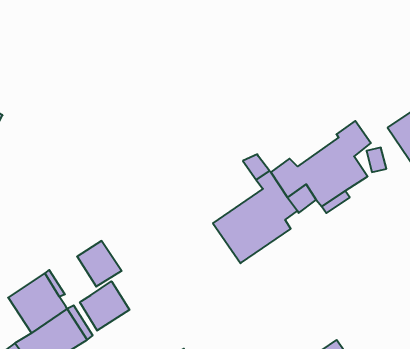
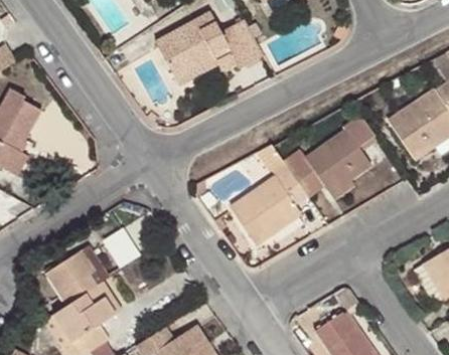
building: none -> [157,11,265,78]
building: [80,281,129,331] -> none

